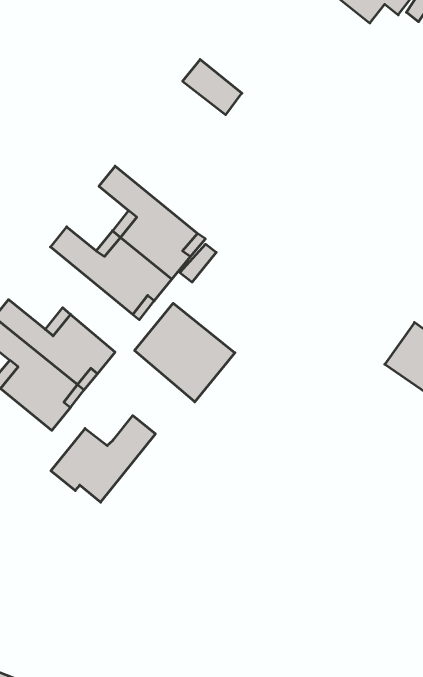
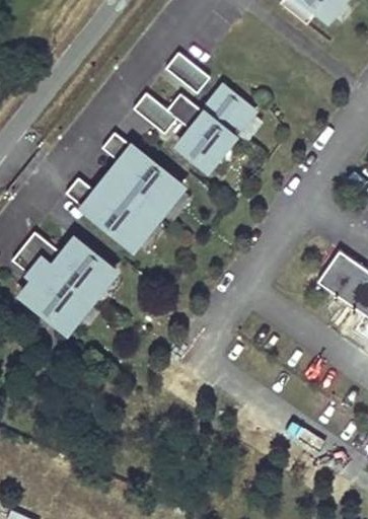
building: none -> [135,89,255,170]
building: [135,303,235,402] -> none
building: [51,416,155,502] -> none

